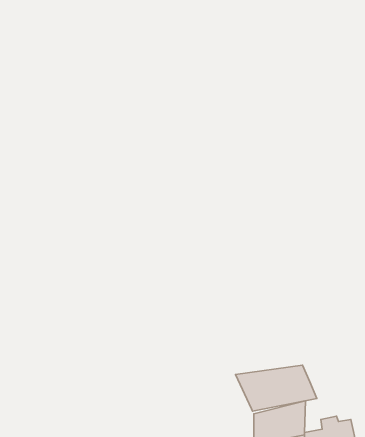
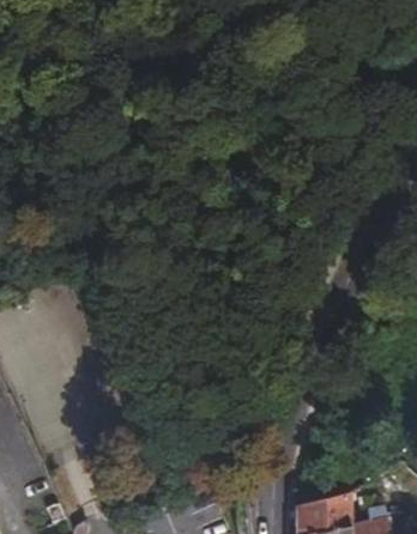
building: [235,365,317,411] -> none

